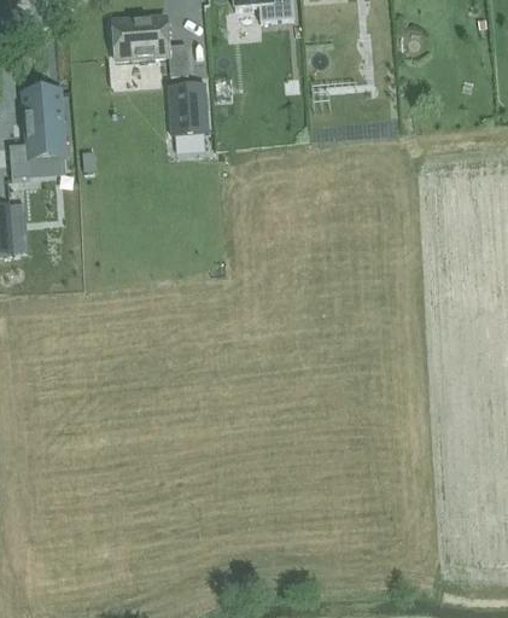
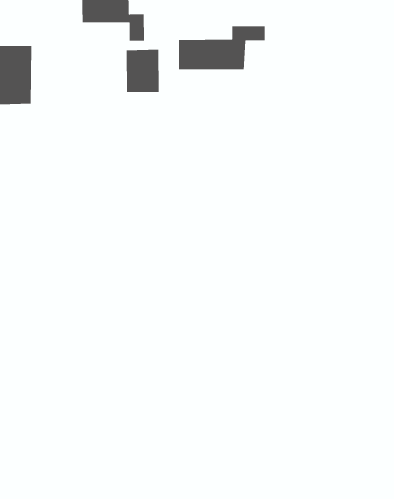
building: none -> [178,26,265,70]

